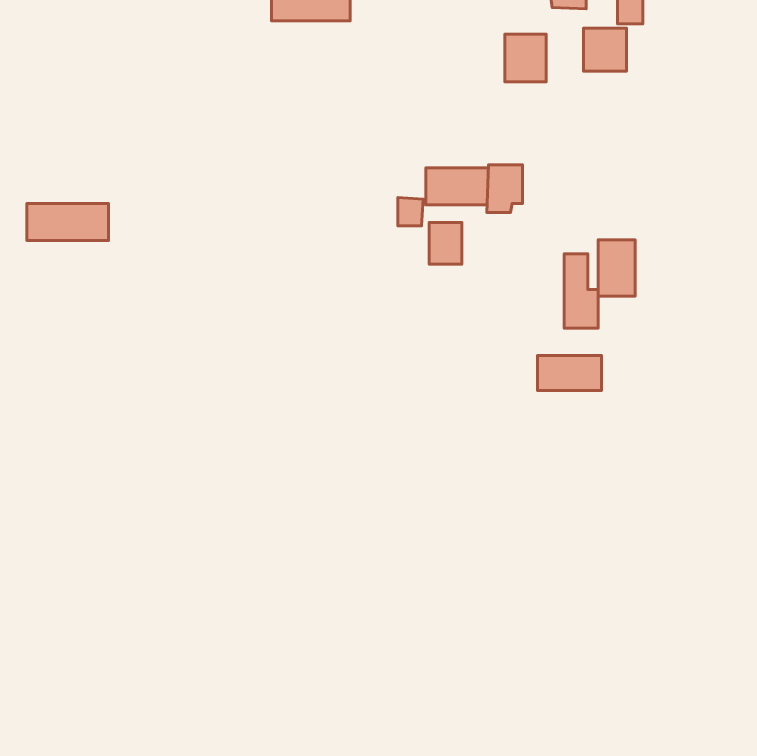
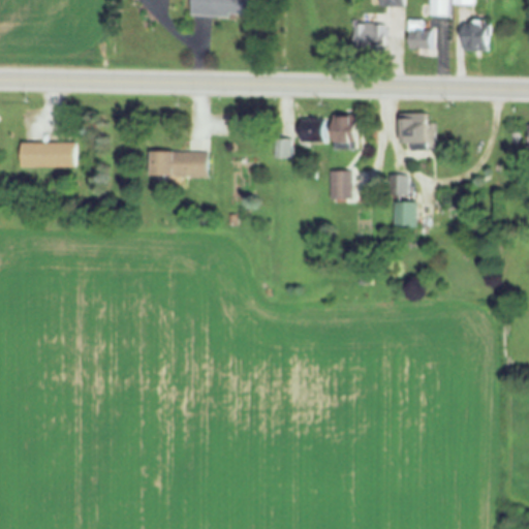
building: none -> [458,20,488,52]
building: none -> [147,151,206,178]
building: [429,223,462,264] -> [330,170,352,199]
building: [598,240,635,296] -> [401,112,427,151]
building: [538,356,601,391] -> none

